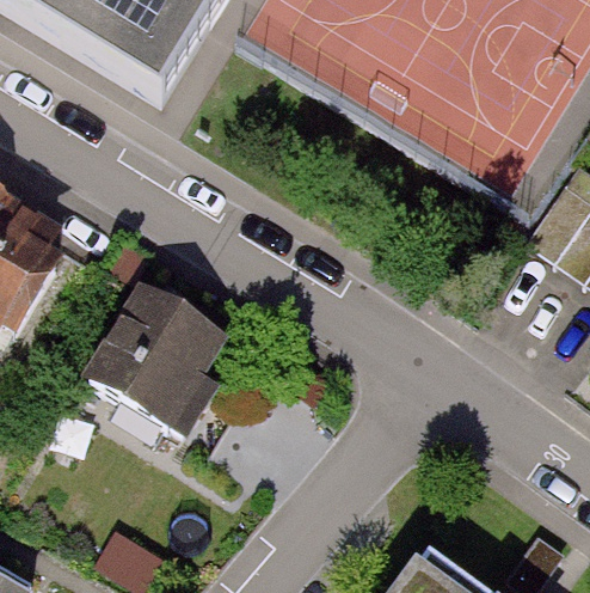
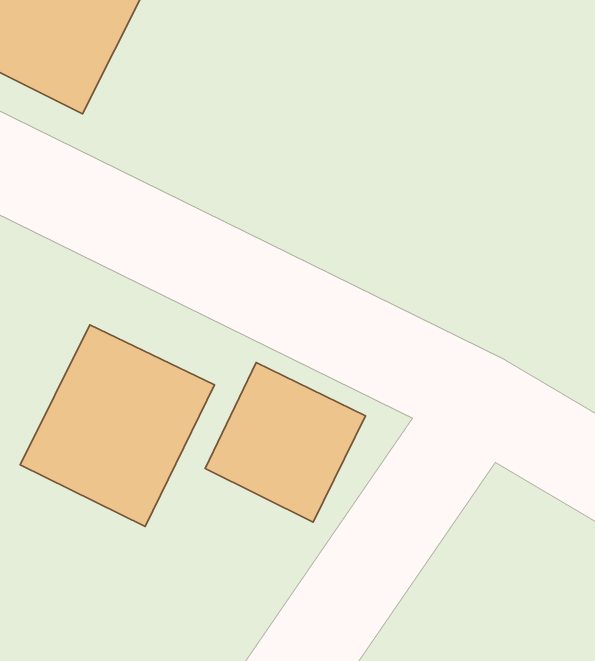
building: none -> [205,363,365,522]

